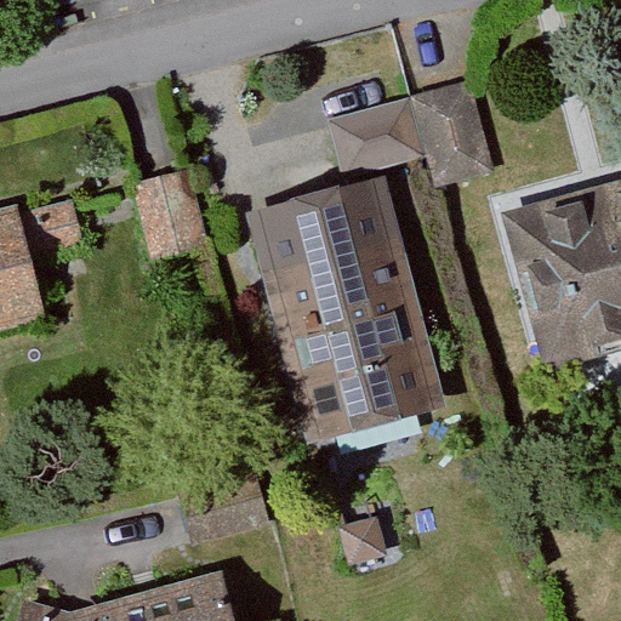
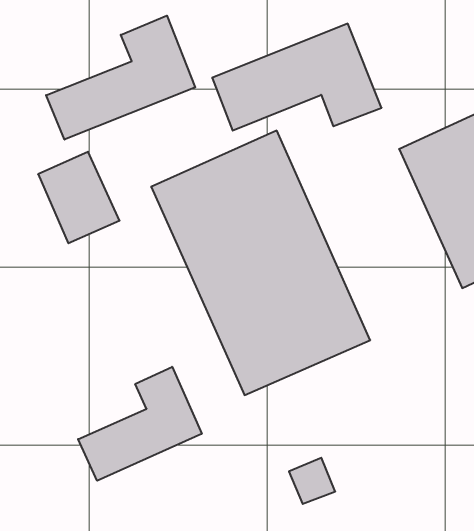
building: none -> [46,16,195,140]
building: none -> [78,367,202,481]

